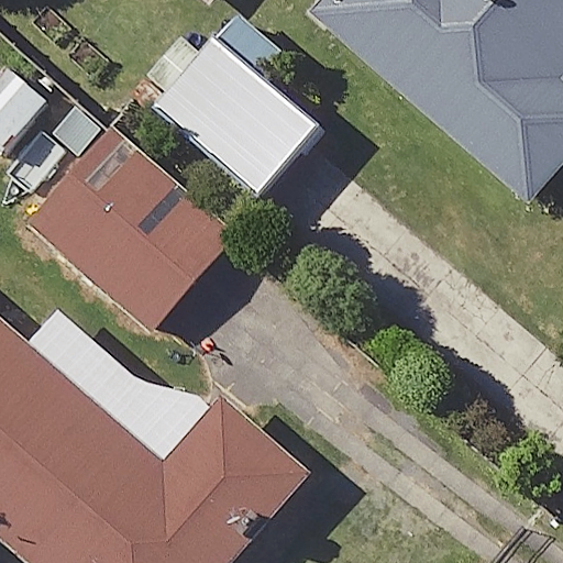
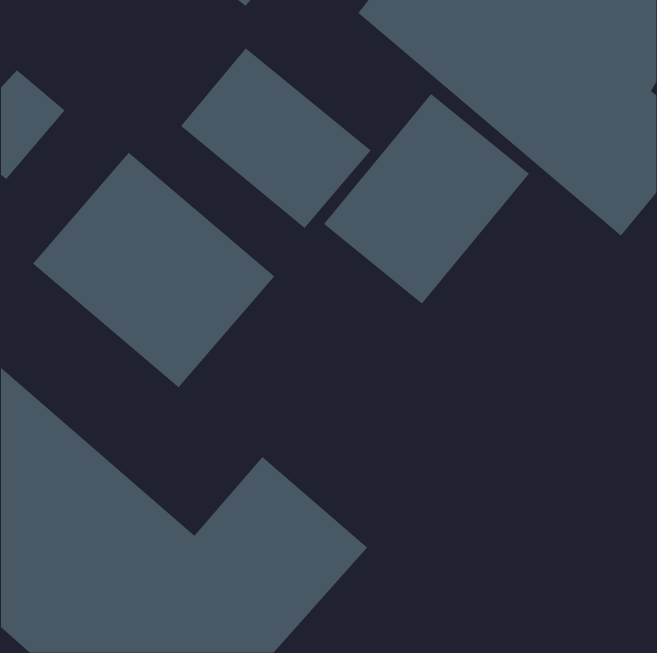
building: none -> [323,93,530,305]

